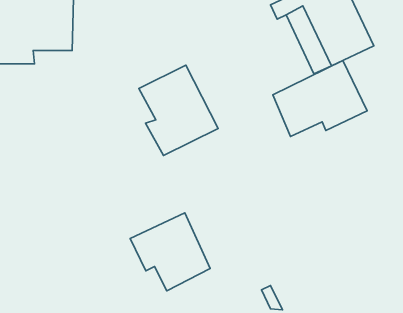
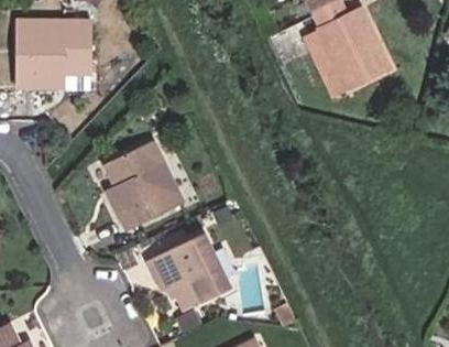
building: [273,61,367,136] -> none
building: [139,65,218,155] -> [105,141,183,230]

